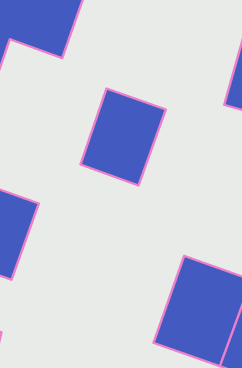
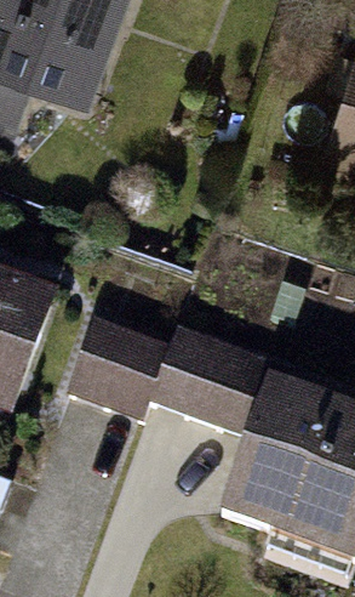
building: [80,89,166,185] -> none
building: none -> [62,323,251,419]

